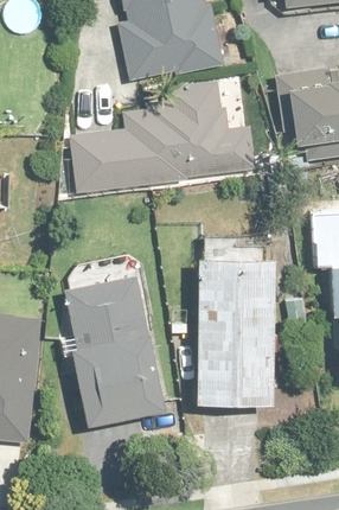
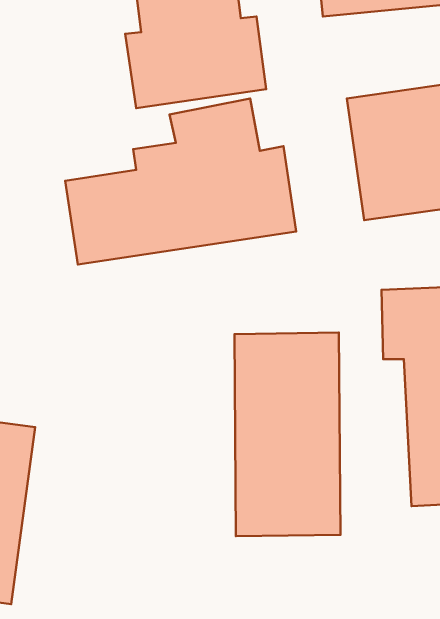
building: [41,273,147,431] -> none

